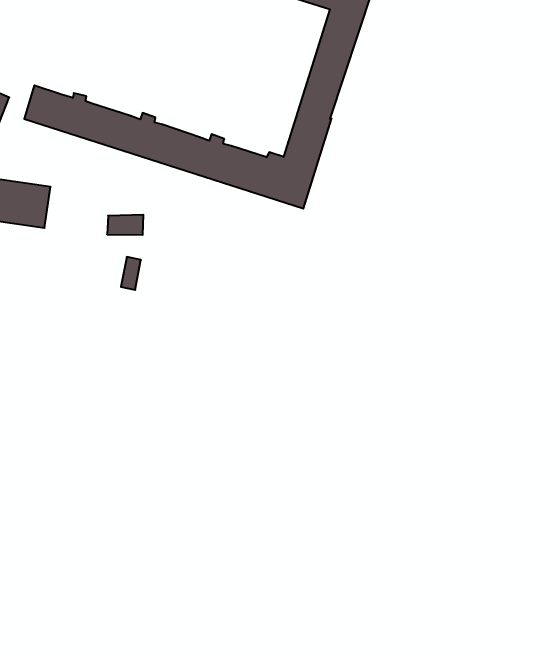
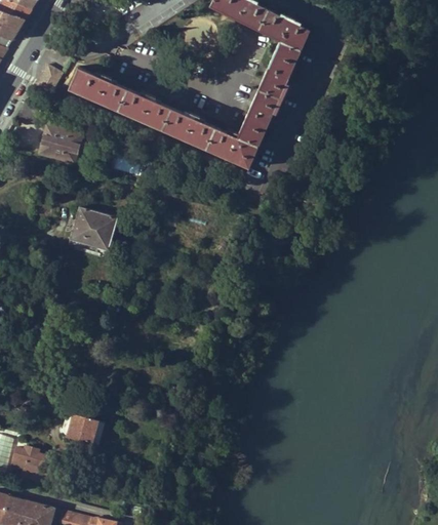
building: none -> [70,208,118,251]
building: none -> [63,413,105,445]

